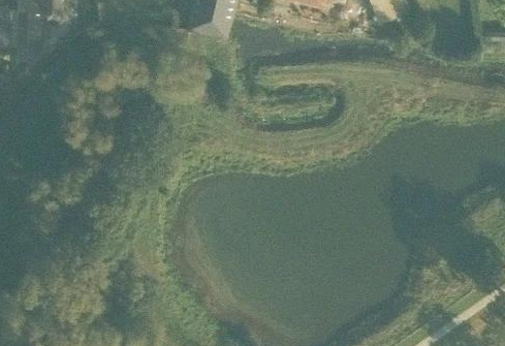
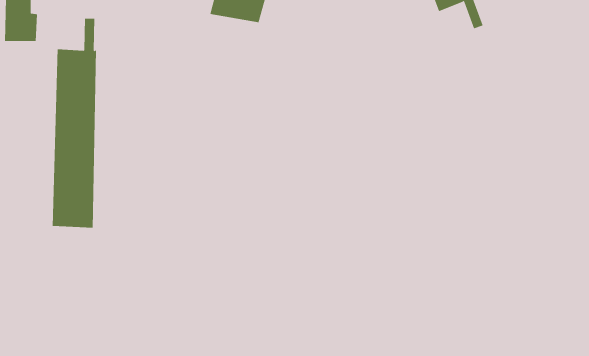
building: none -> [52,18,97,228]

